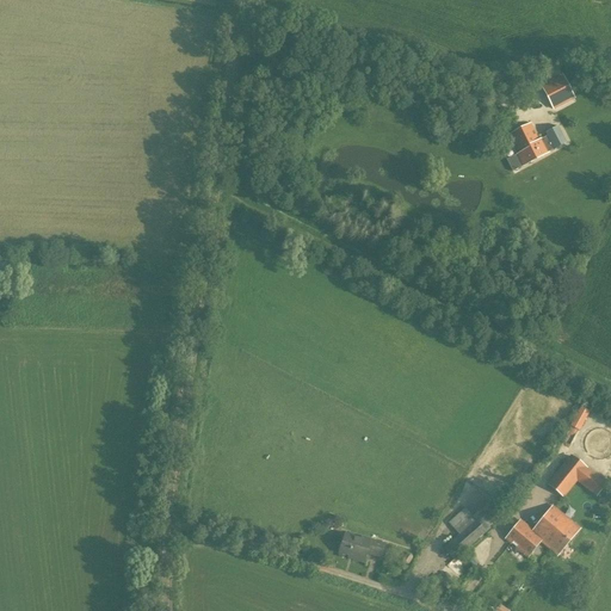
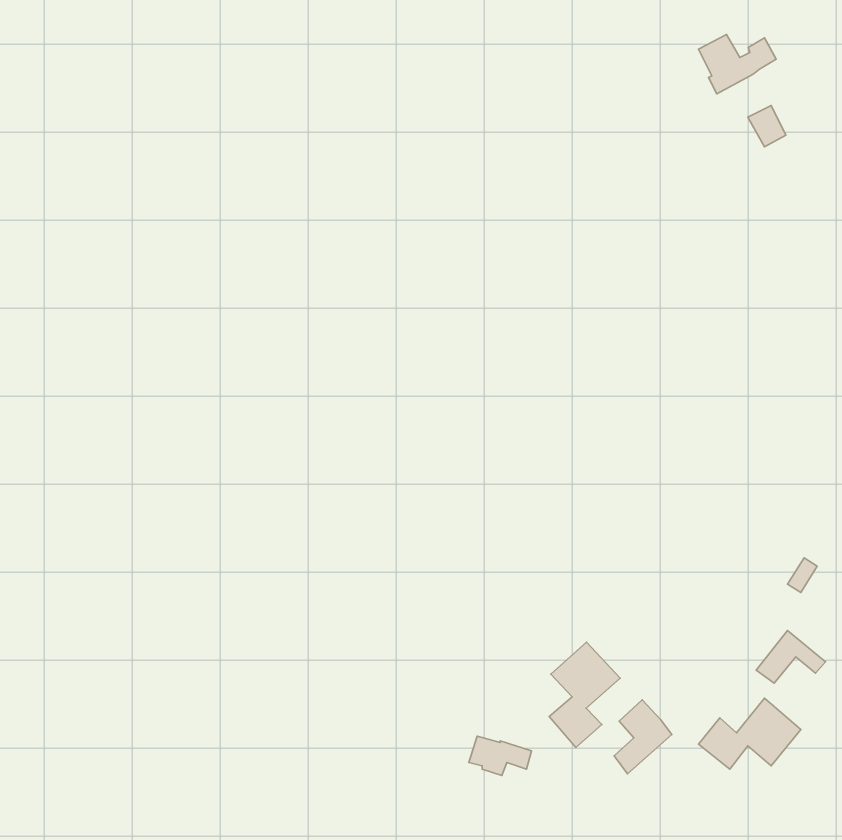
building: [511,122,567,165] -> [699,34,776,94]
building: none -> [549,642,620,748]

